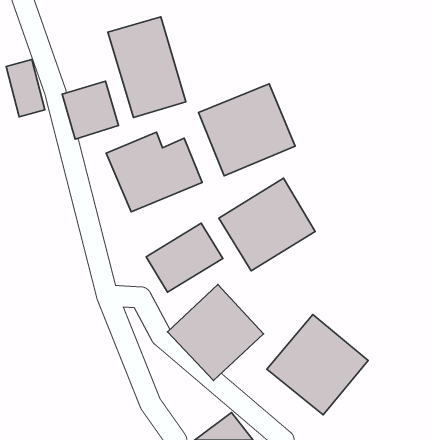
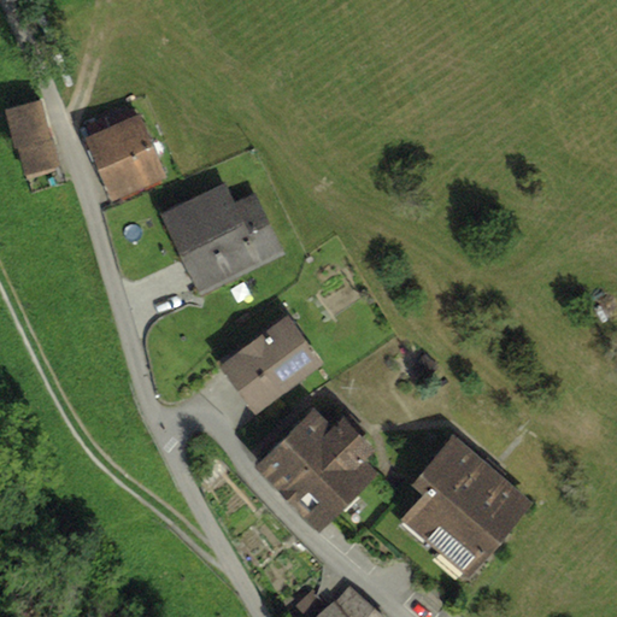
building: [108,17,186,118] -> none
building: [199,84,295,176] -> none
building: [219,178,315,271] -> none

